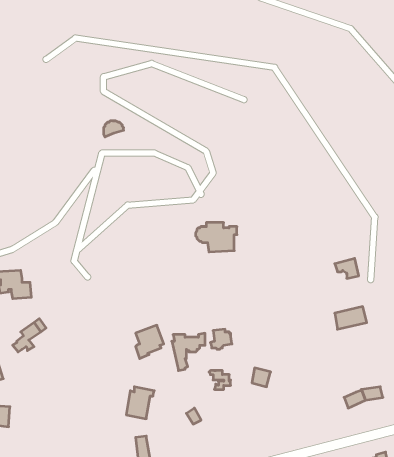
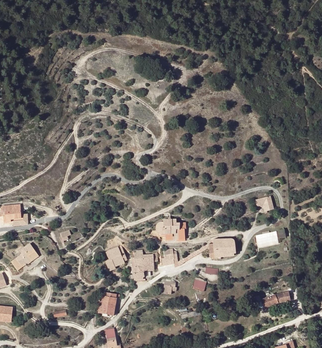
building: [196,223,237,252] -> [154,220,185,242]
building: none -> [209,239,235,258]

